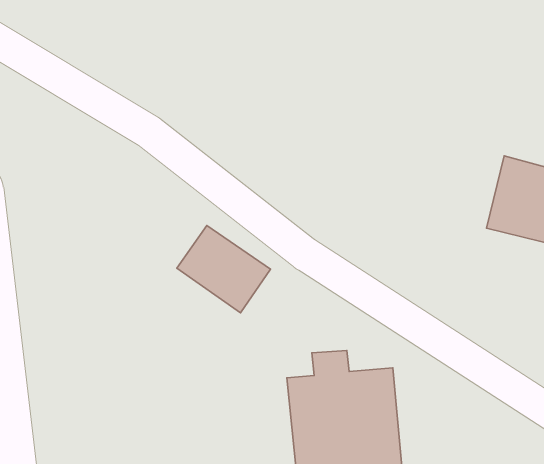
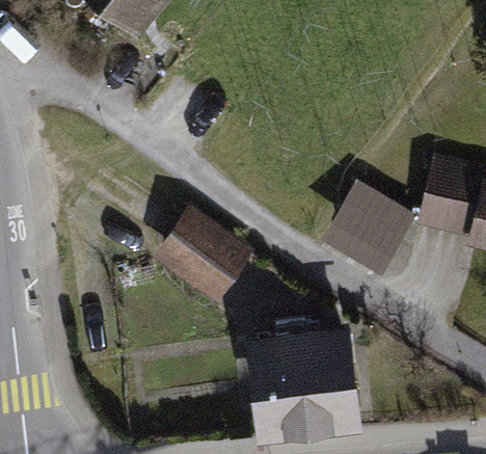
building: none -> [324,184,417,274]

